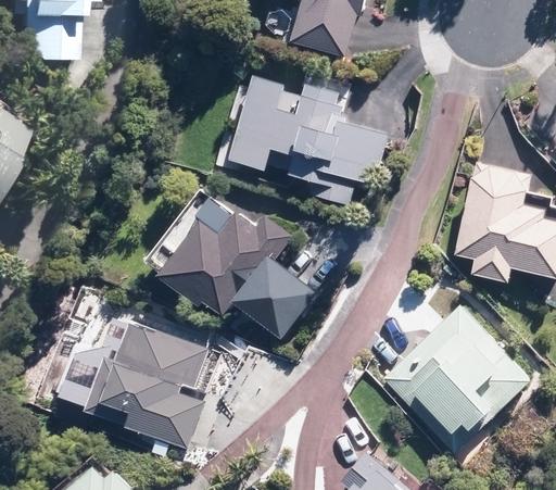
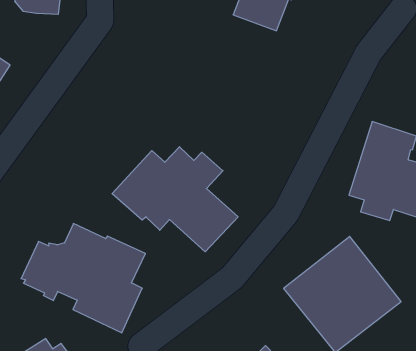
building: [229,77,388,206] -> none

